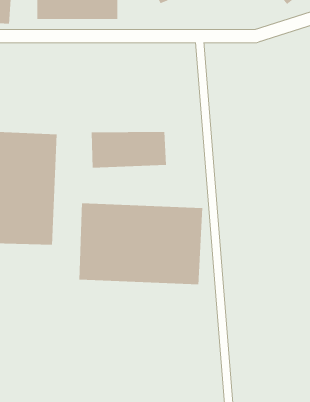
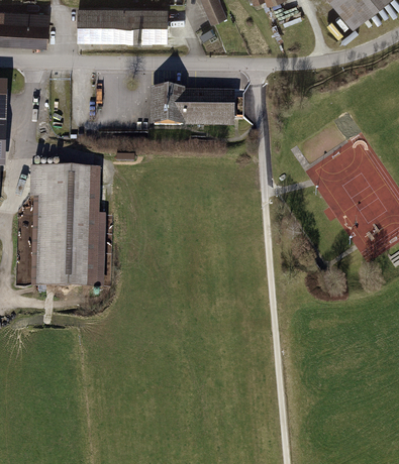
building: [91,131,167,168] -> [151,86,234,126]
building: [79,203,203,285] -> none

